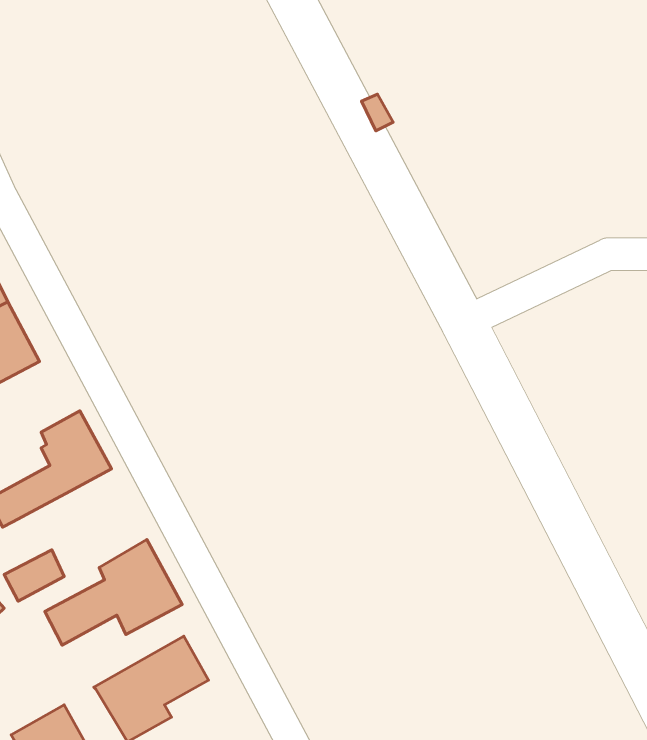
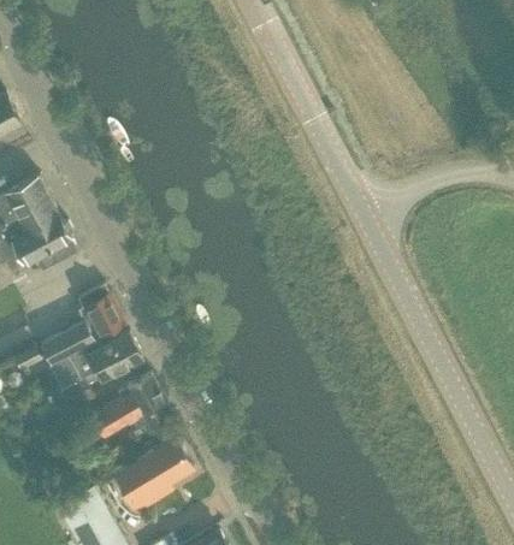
building: none -> [58,333,141,384]

